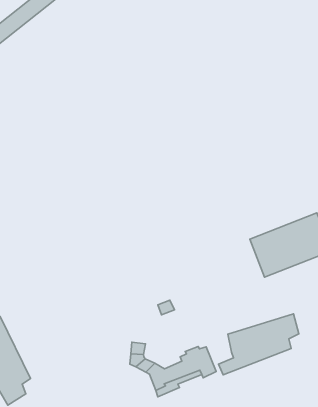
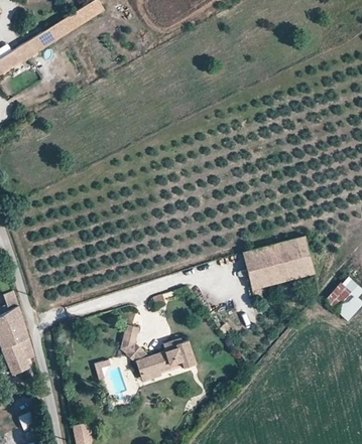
building: [218,314,299,375] -> none

